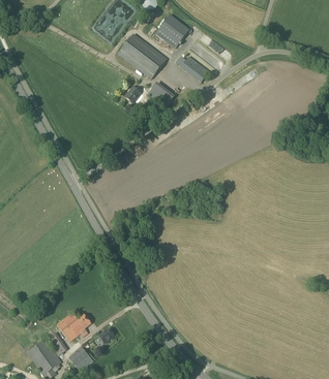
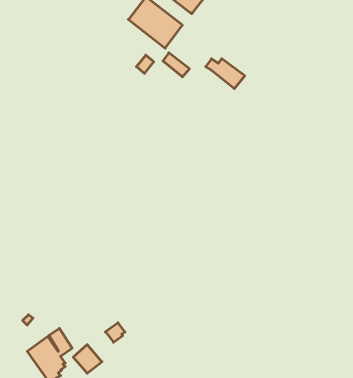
building: [174,56,209,83] -> [206,59,245,89]
building: [55,312,90,341] -> none

